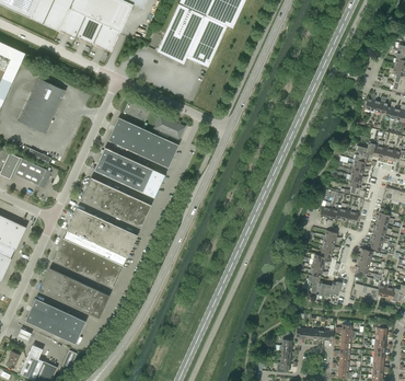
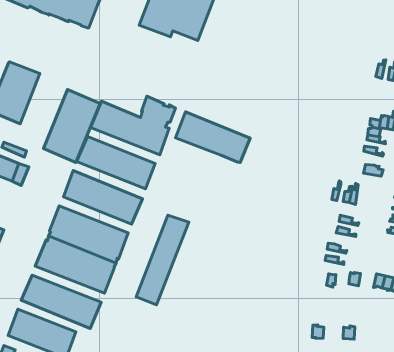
building: none -> [43,89,100,163]
building: none -> [176,112,250,162]
building: none -> [136,215,189,305]

